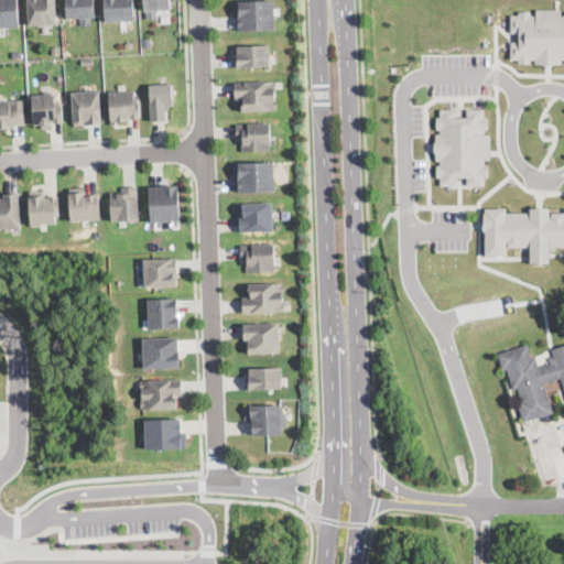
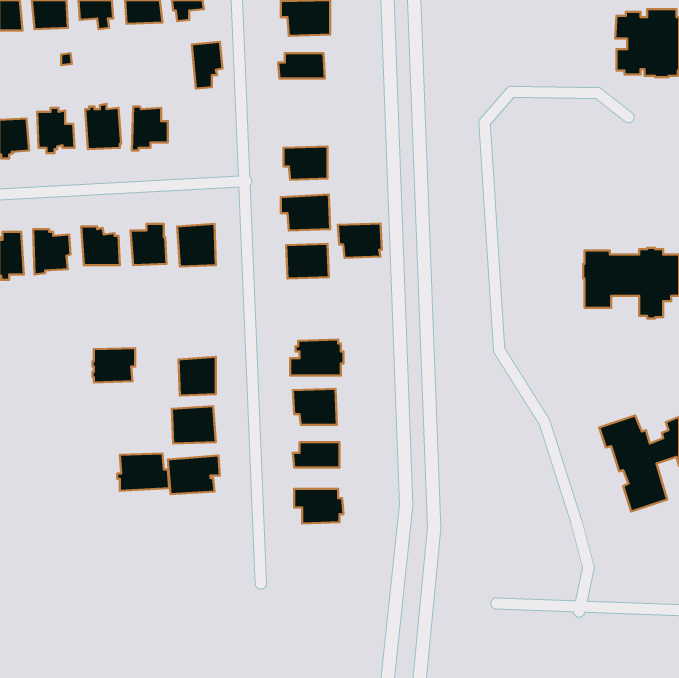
building: [232,82,276,112] -> none
building: [148,84,173,122] -> [192,42,222,89]
building: [433,110,489,186] -> none
building: [239,243,275,272] -> [338,223,382,258]
building: [141,259,176,288] -> [93,348,135,383]
building: [141,420,184,451] -> [117,454,169,491]

